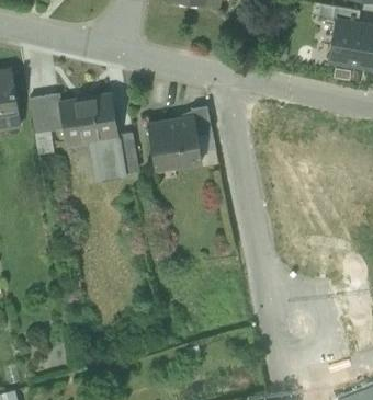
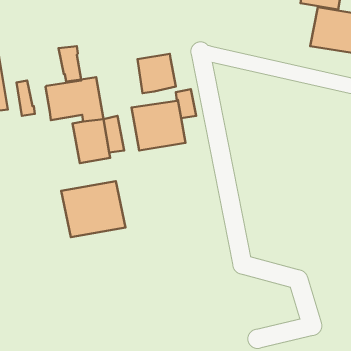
building: none -> [138,54,176,93]
building: [39,94,63,130] -> [58,46,81,82]
building: none -> [61,181,125,237]

